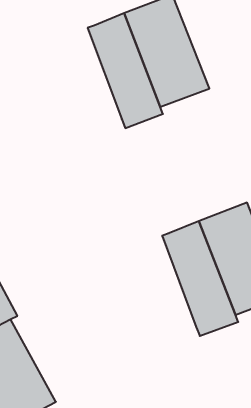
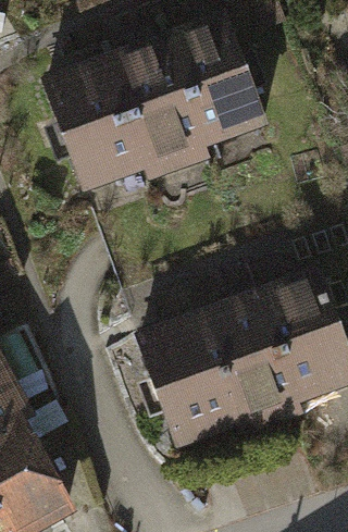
building: none -> [44,49,158,189]
building: none -> [136,307,250,447]

